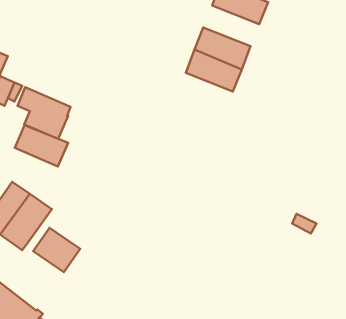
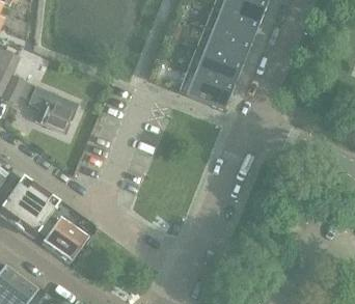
building: none -> [203,8,256,47]
building: none -> [179,72,231,110]
building: [15,125,68,166] -> none

